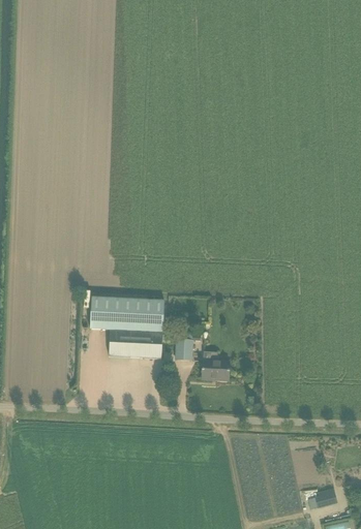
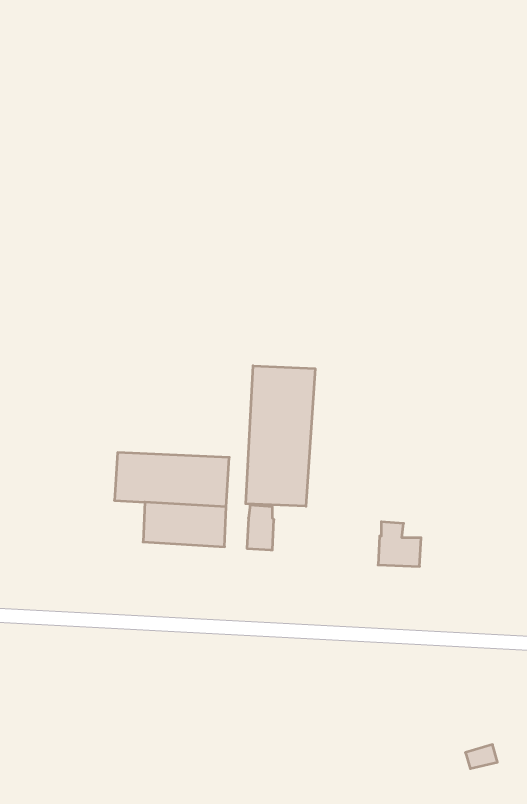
building: none -> [246,366,315,506]
building: [202,351,230,380] -> [378,522,421,566]

